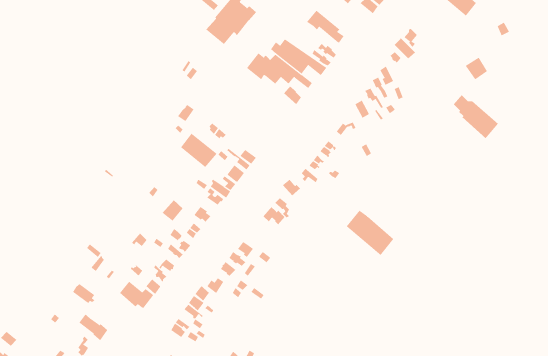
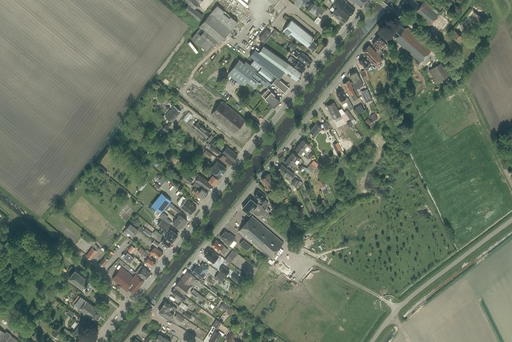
building: [453,94,499,139] -> [390,22,432,63]
building: [180,133,217,168] -> [212,101,246,133]
building: [346,210,394,256] -> [239,216,283,258]

